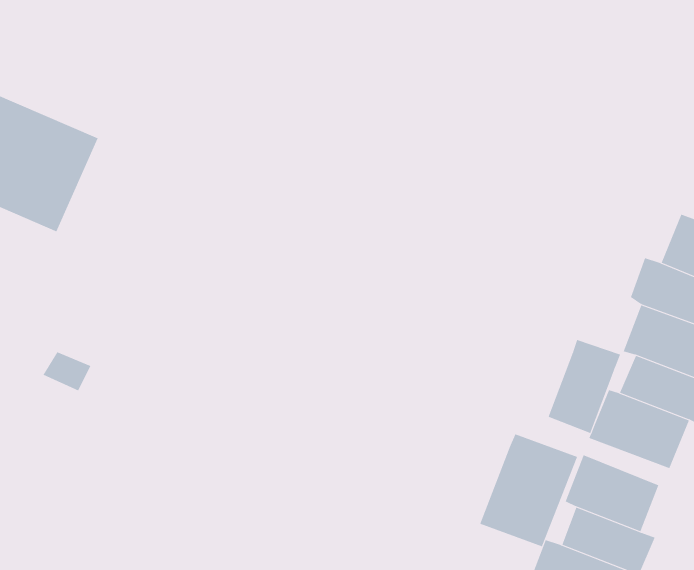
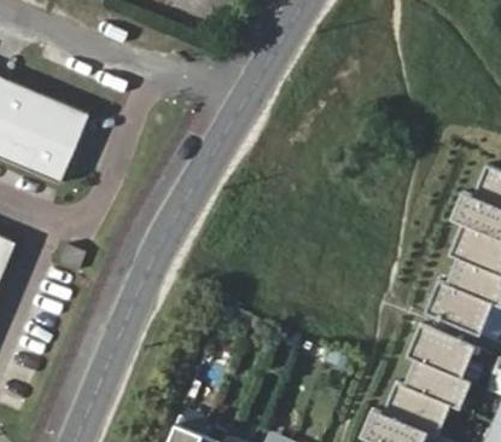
building: [548,339,621,434] -> none
building: [480,434,578,547] -> none

